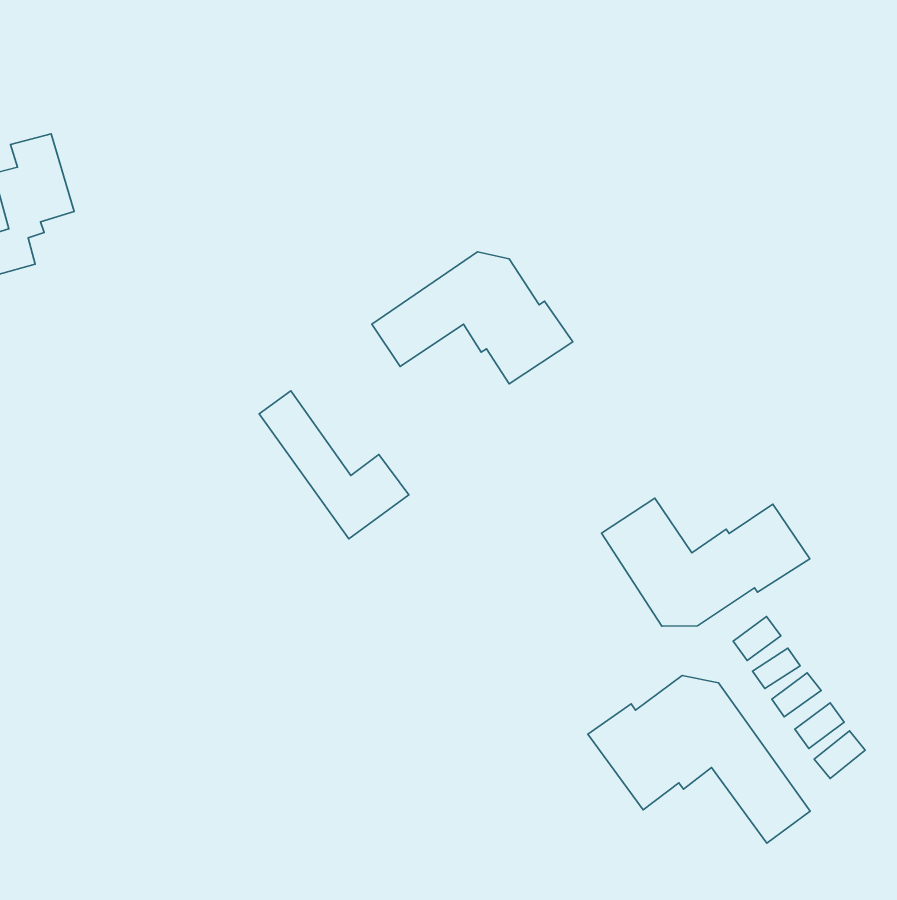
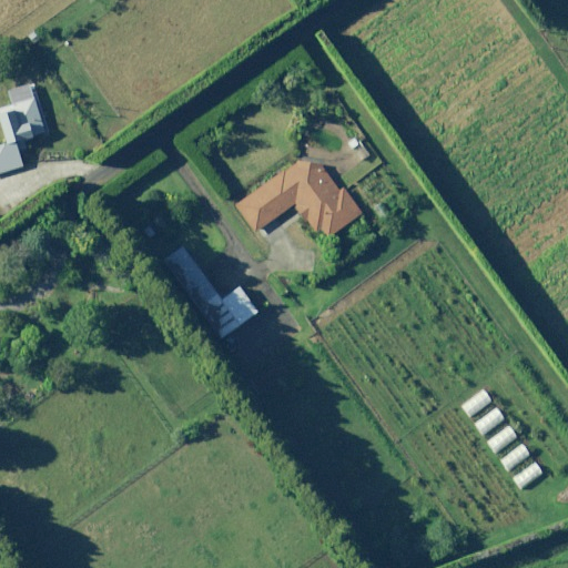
building: [602,498,810,626] -> none
building: [588,675,810,843] -> none

